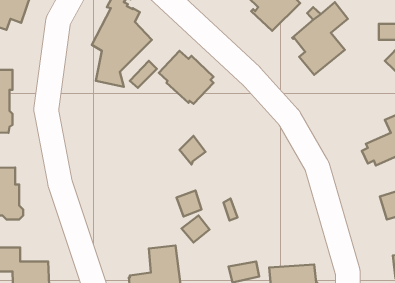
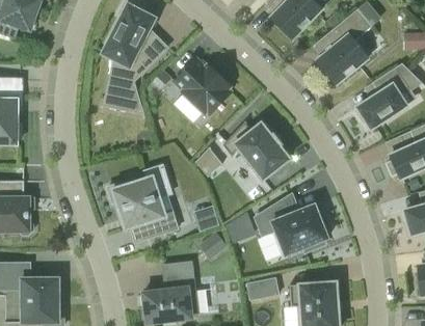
building: none -> [356,67,408,129]
building: none -> [223,121,290,180]
building: none -> [107,165,178,242]
building: none -> [256,195,328,255]

